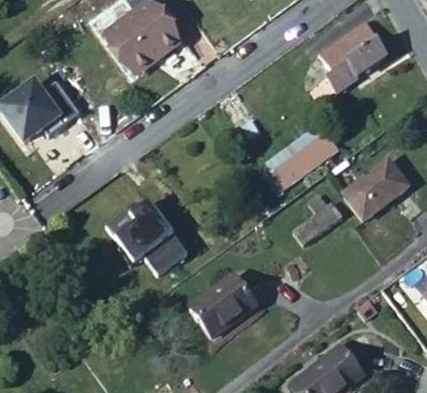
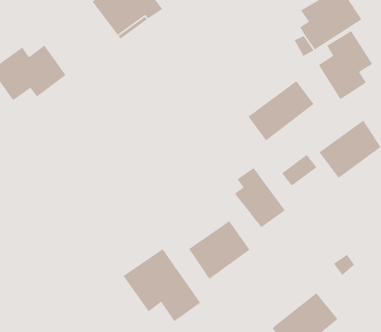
building: none -> [318,30,373,100]
building: [102,189,184,266] -> [123,248,201,322]
building: none -> [234,167,286,228]

